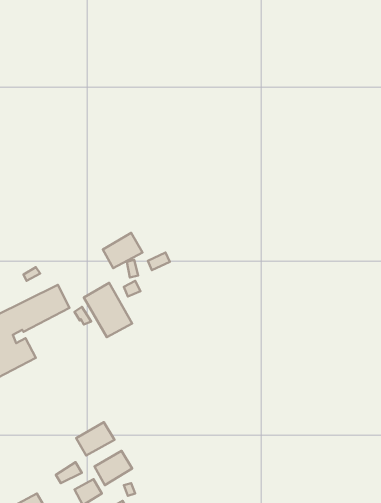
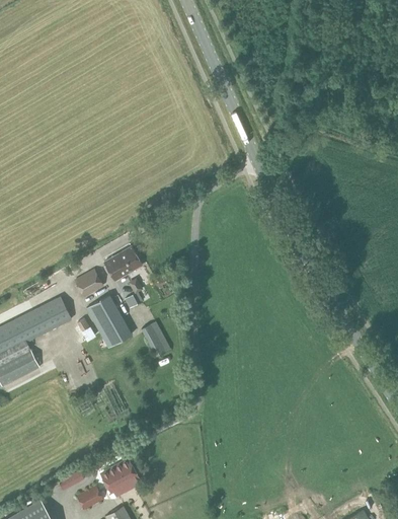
building: none -> [74,268,104,297]
building: none -> [141,320,171,355]
building: [76,422,115,455] -> none

